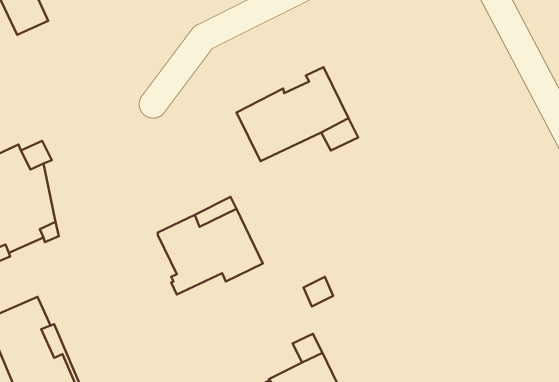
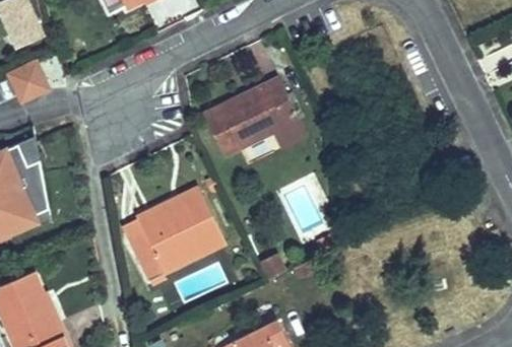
building: none -> [7,60,48,102]
building: none -> [123,219,194,280]

